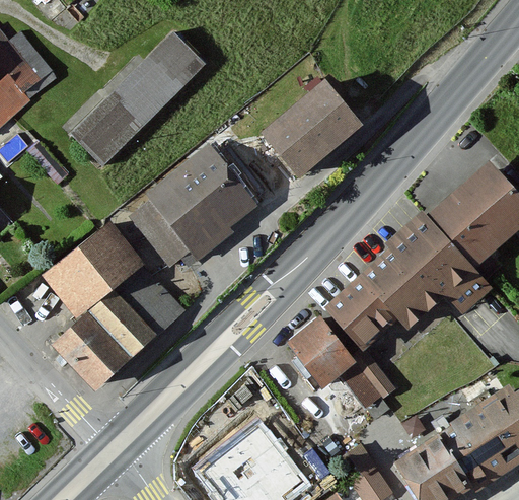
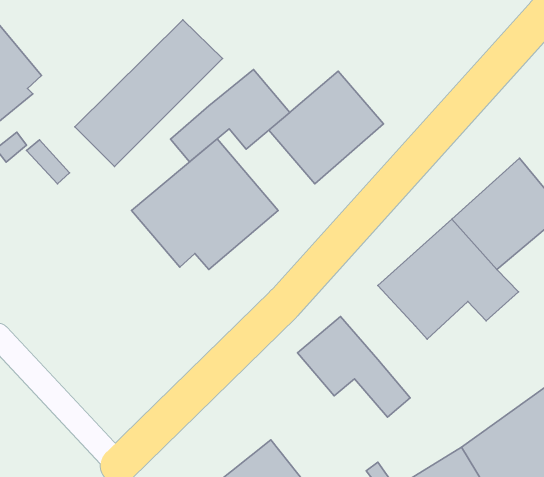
building: none -> [170,69,290,162]
building: [45,216,193,386] -> none
building: [323,280,394,350] -> none

